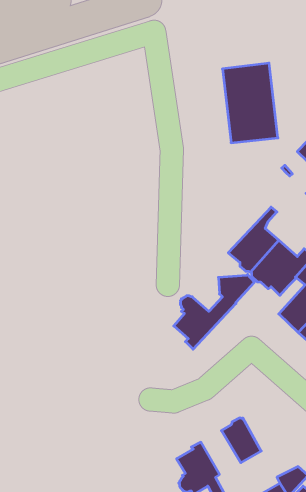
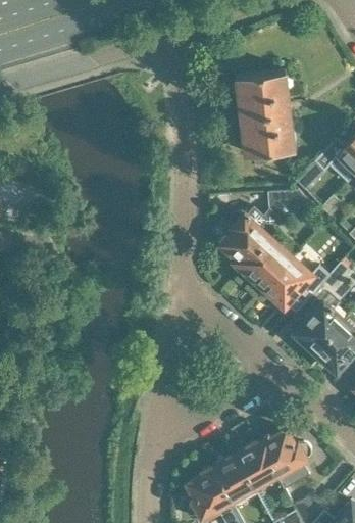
building: [174,274,254,349] -> [220,191,305,270]
building: none -> [256,431,310,491]
building: none -> [212,457,254,503]

